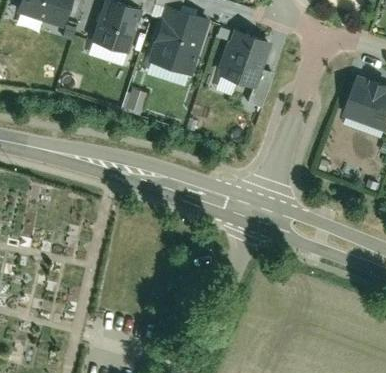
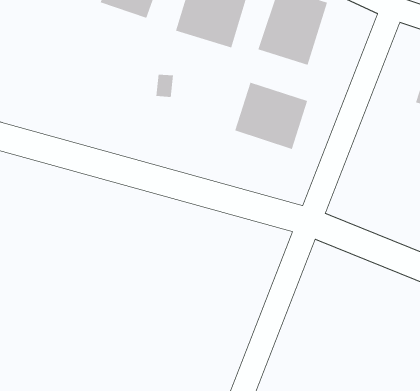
building: none -> [235,82,308,150]

